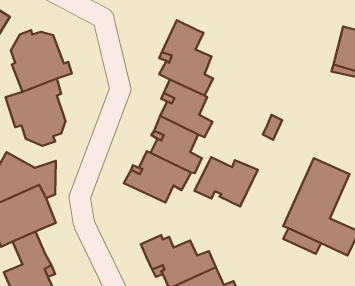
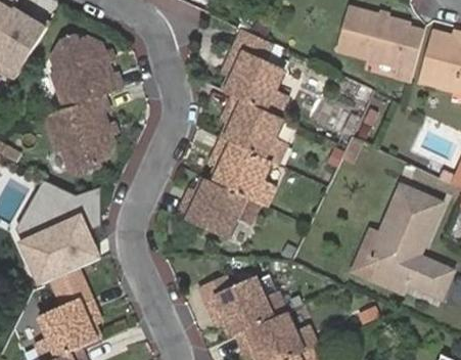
building: none -> [334,9,421,88]
building: [194,157,258,206] -> none

